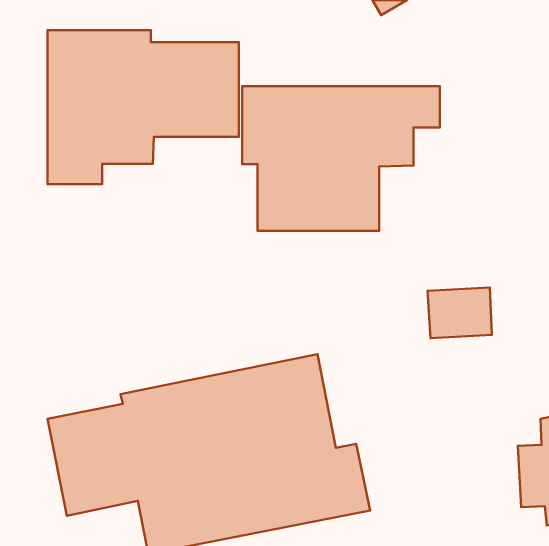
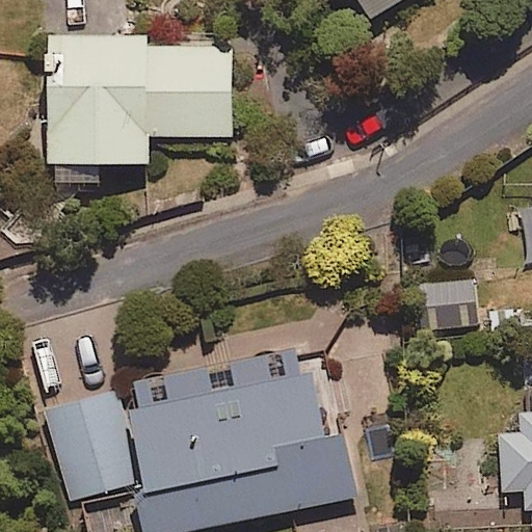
building: [242,86,440,231] -> none

